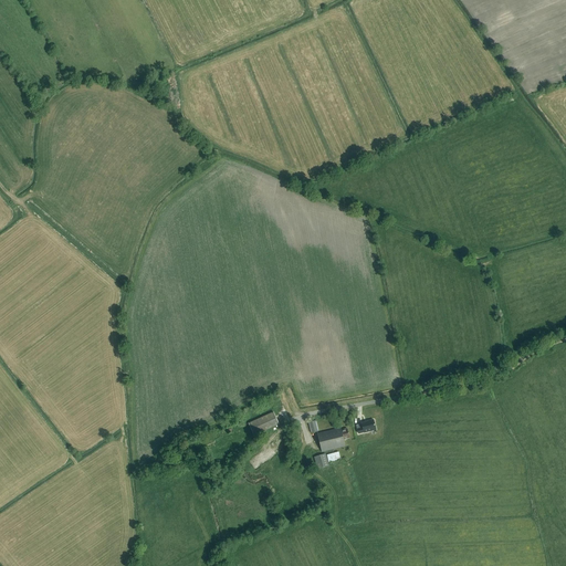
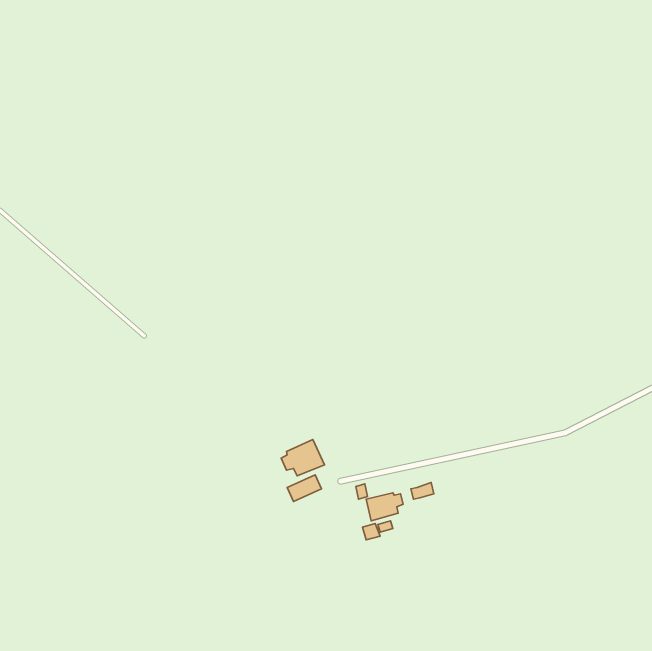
building: none -> [281,439,324,476]

